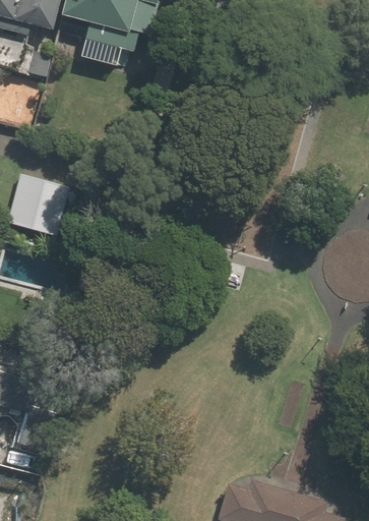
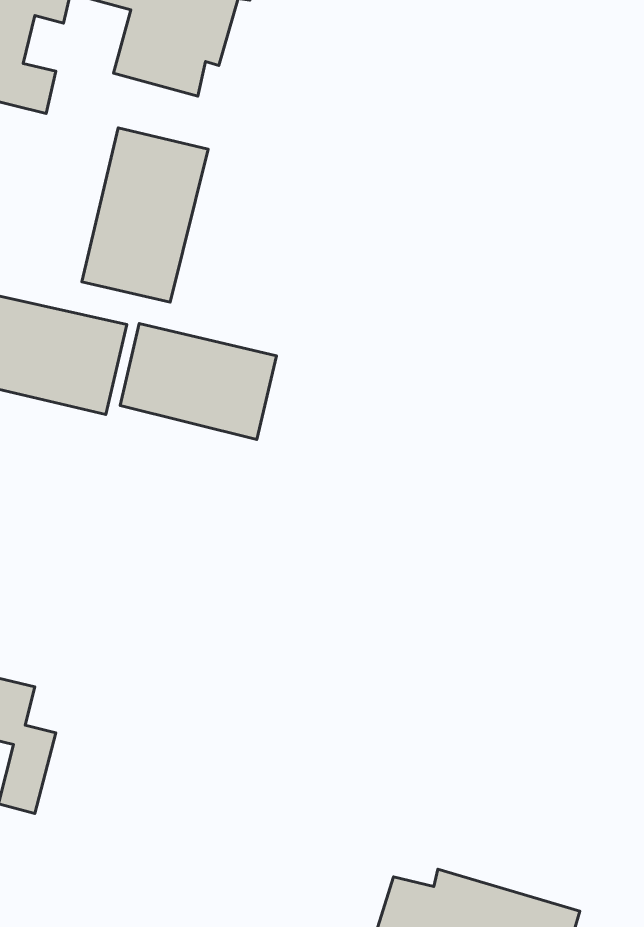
building: none -> [82,128,208,302]
building: none -> [120,323,277,439]

